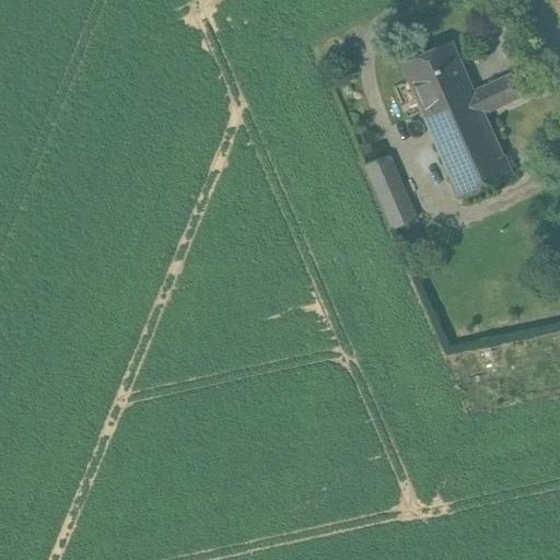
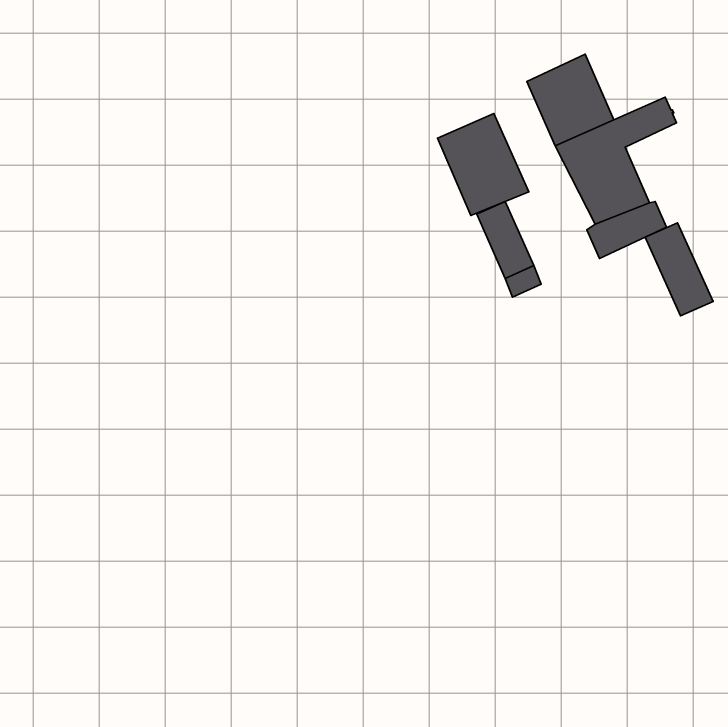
building: none -> [437,113,529,215]
building: none -> [645,223,713,316]

